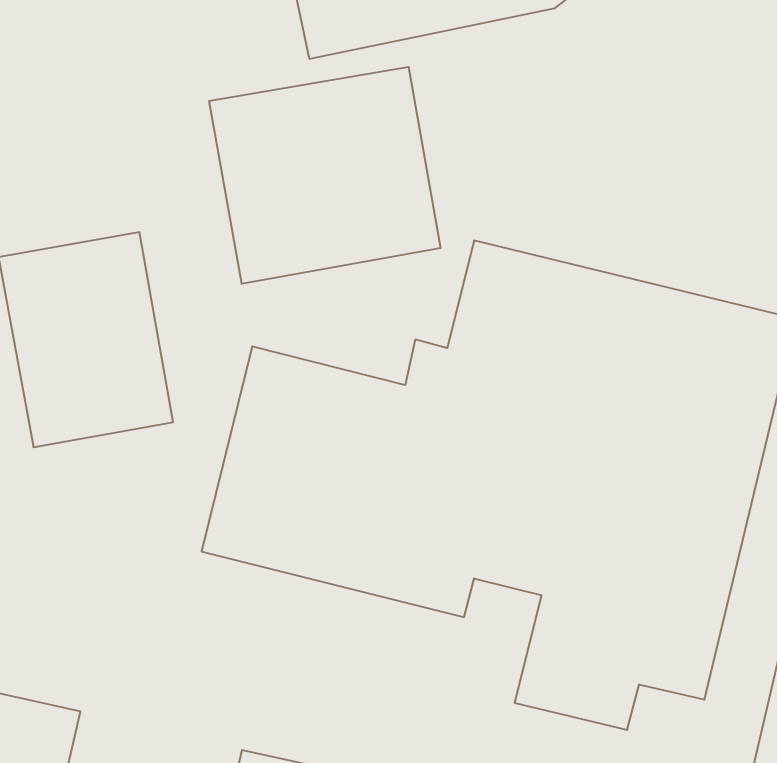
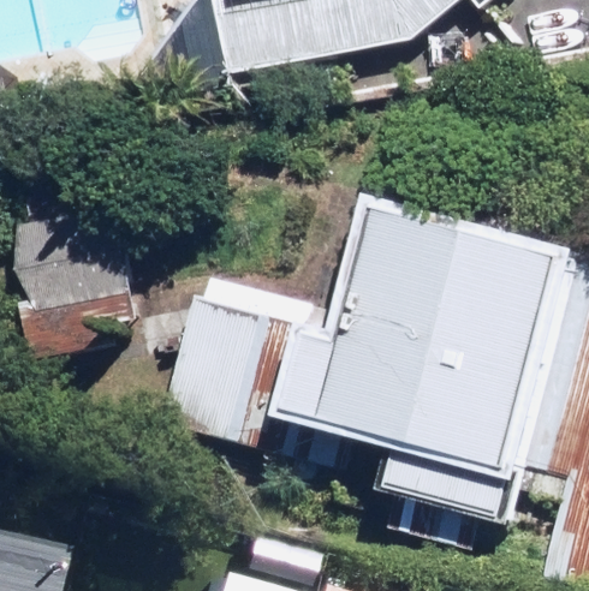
building: [209,67,441,284] -> none

